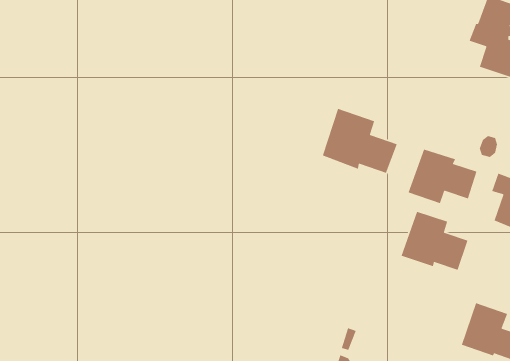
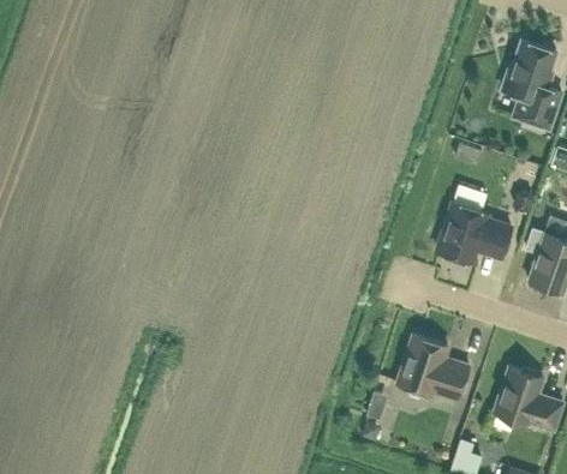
building: [322,108,398,174] -> none
building: [401,211,468,271] -> [398,335,470,398]

